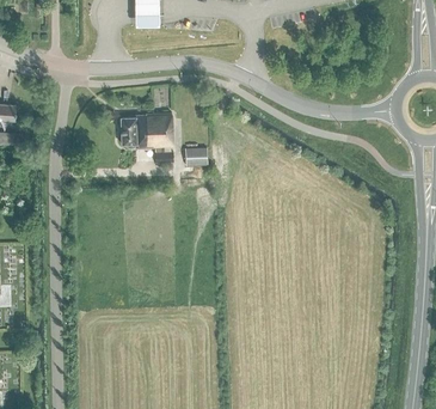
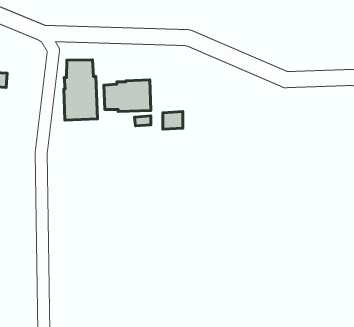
building: none -> [64,60,98,120]

